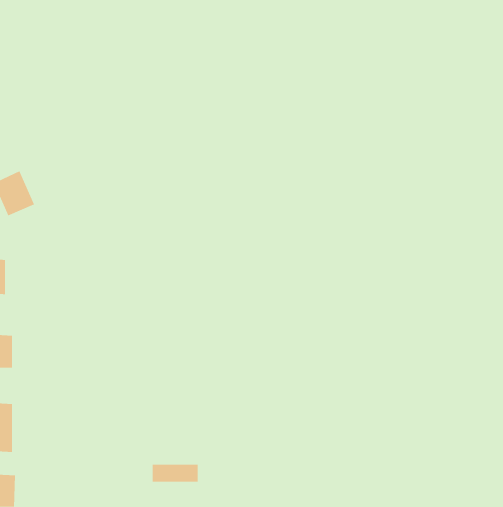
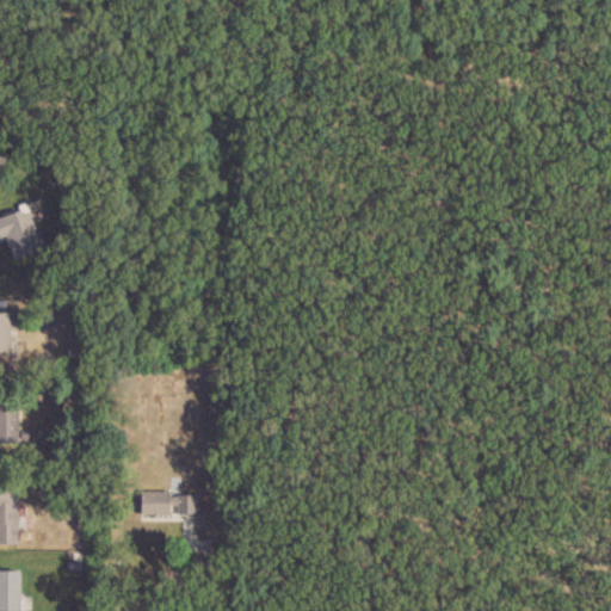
building: [152,464,198,482] -> [137,494,193,516]

